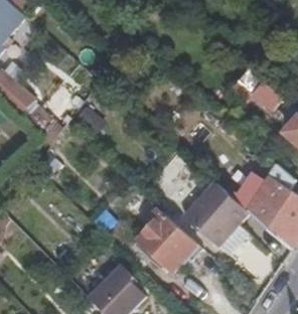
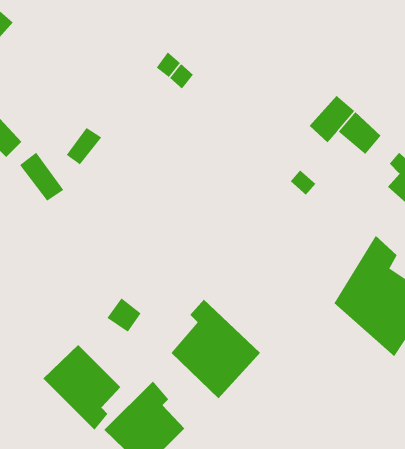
building: [182,182,247,249] -> none
building: none -> [42,344,121,431]

